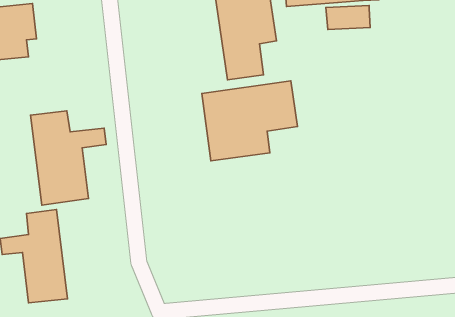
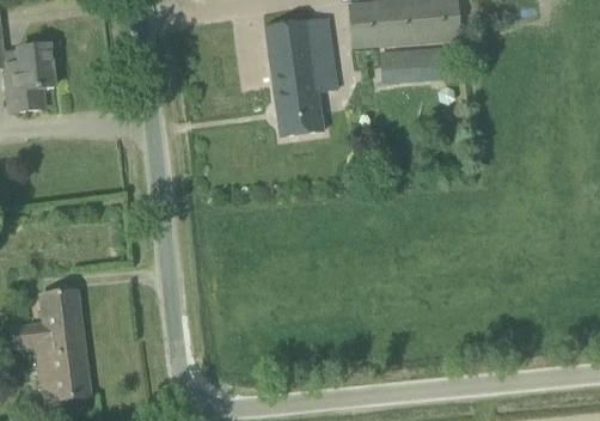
building: [202,81,297,161] -> none
building: [31,111,106,205] -> none

